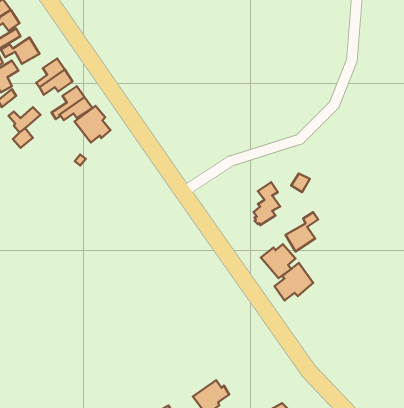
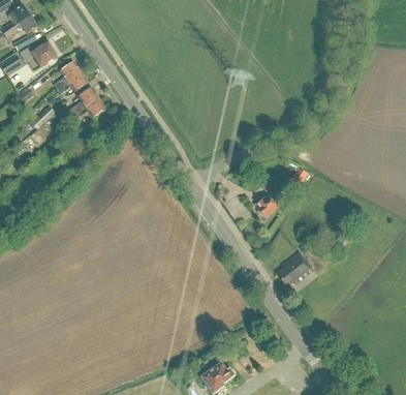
building: [75,106,110,142] -> none
building: [285,212,318,251] -> none
building: [261,244,296,278] -> none

